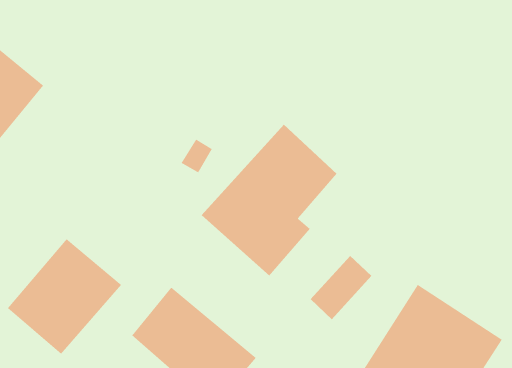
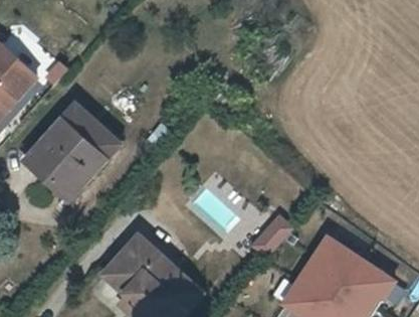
building: [201,124,338,277] -> none
building: [7,238,122,355] -> [27,107,117,197]

